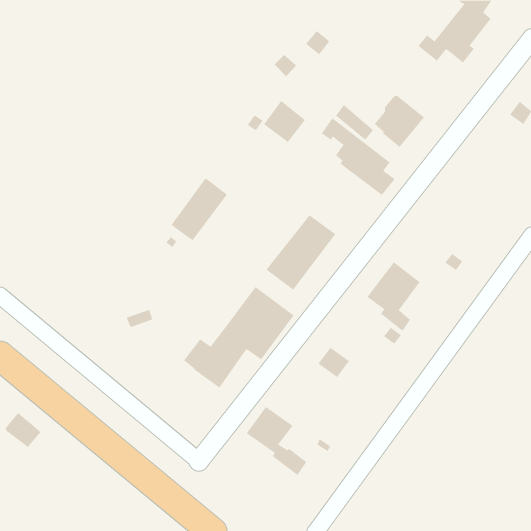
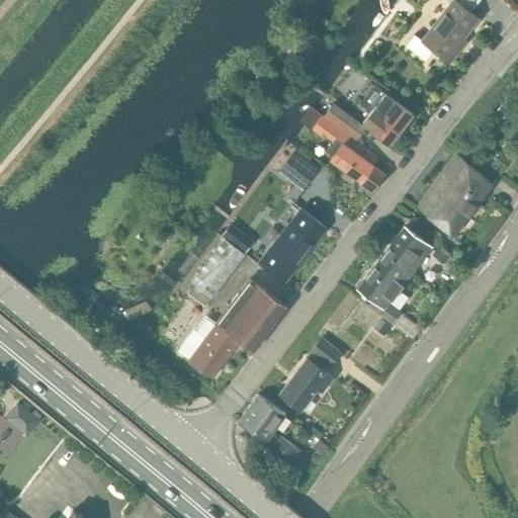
building: [263,100,306,143] -> [278,150,320,191]
building: none -> [420,156,493,235]
building: [171,178,227,241] -> [191,239,246,300]
building: none -> [383,227,432,275]
building: none -> [279,358,333,410]

